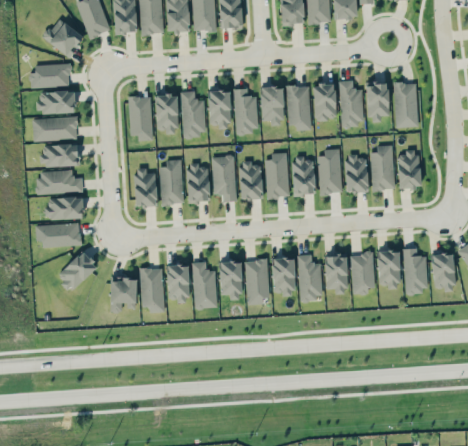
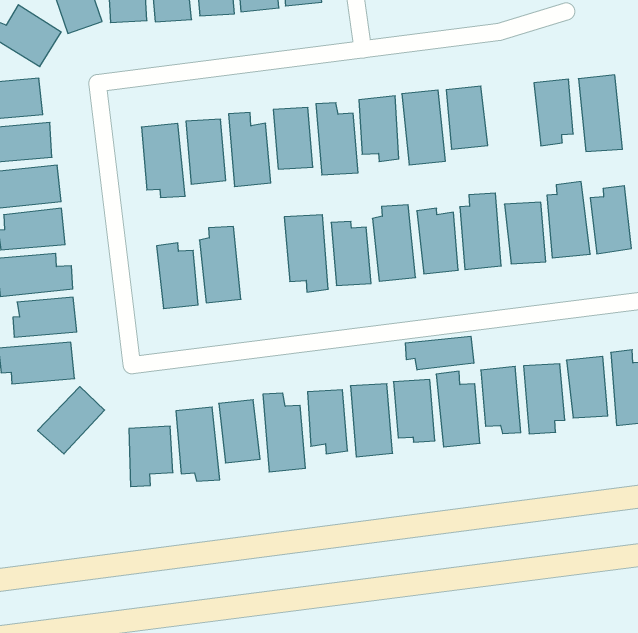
building: [339,80,364,126] -> none
building: [187,163,210,202] -> none
building: none -> [405,336,474,370]

